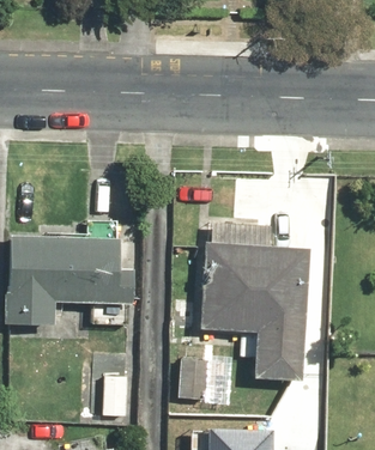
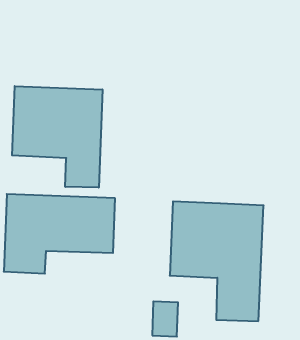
building: none -> [12,86,102,188]

